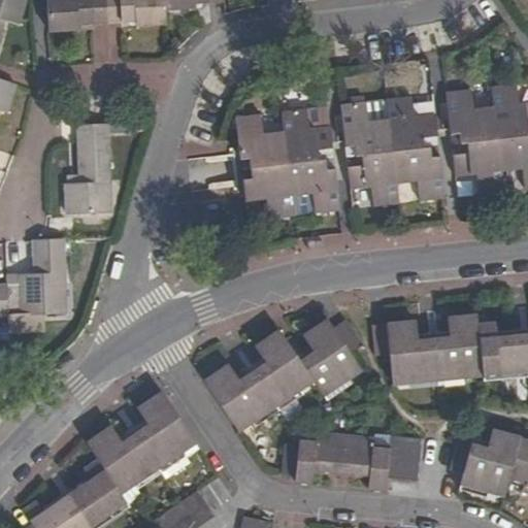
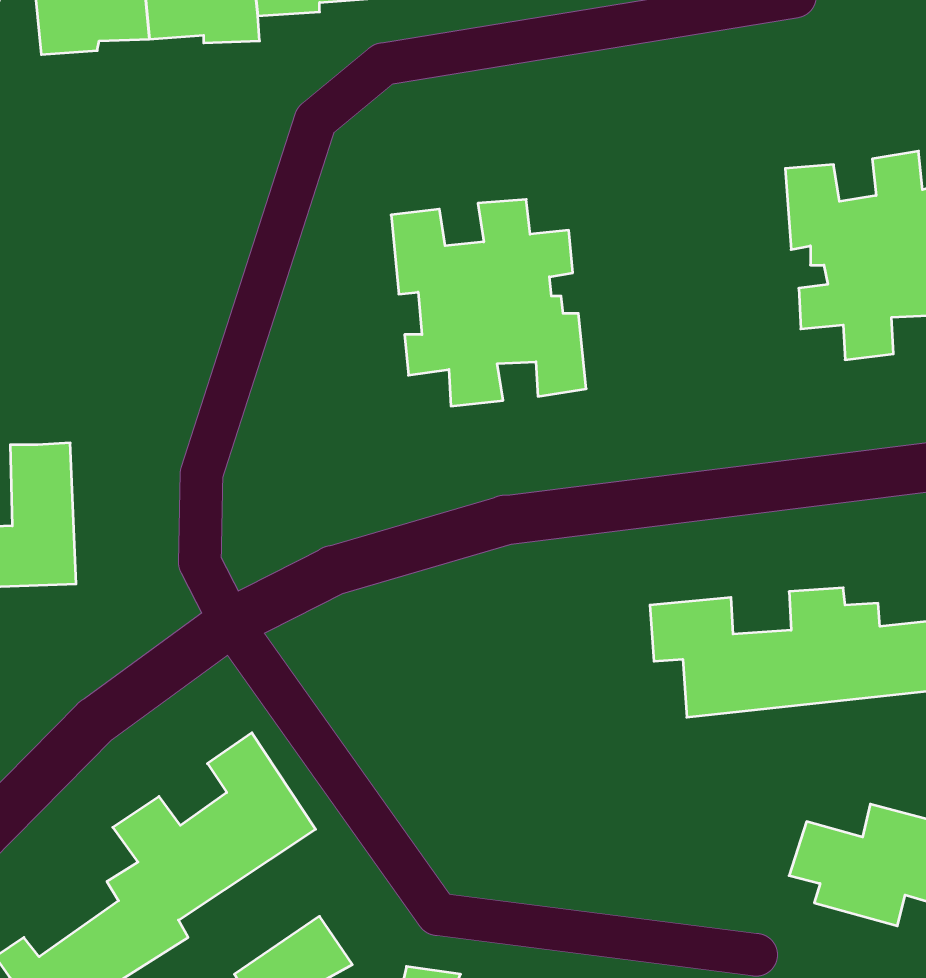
building: [341,95,446,205] -> none
building: [66,124,112,212] -> none
building: [204,320,364,431] -> none
building: [280,434,423,489] -> none

